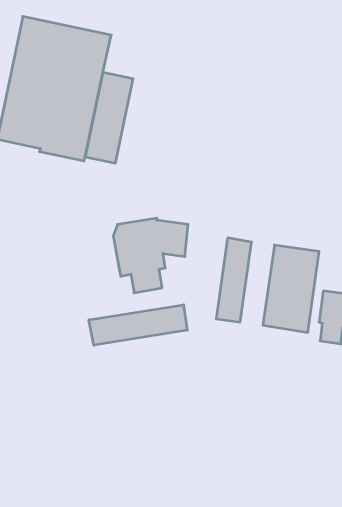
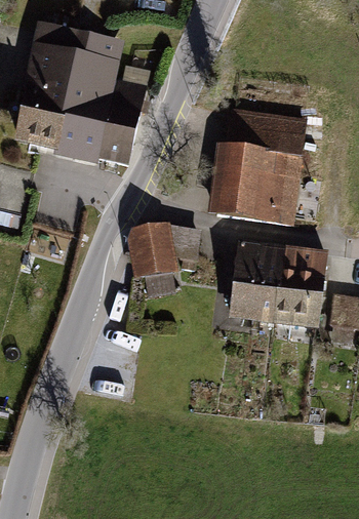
building: none -> [207,107,307,225]
building: none -> [251,244,285,326]
building: [89,305,187,345] -> none

